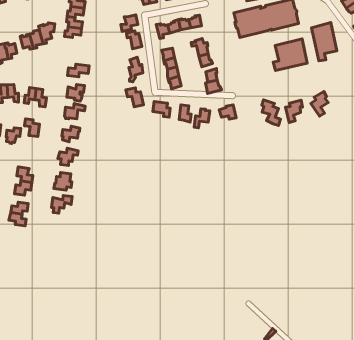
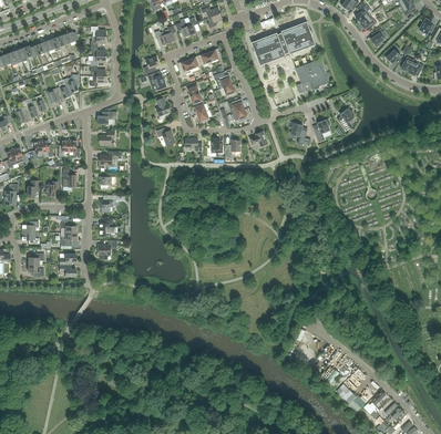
building: [311,22,337,61] -> none

